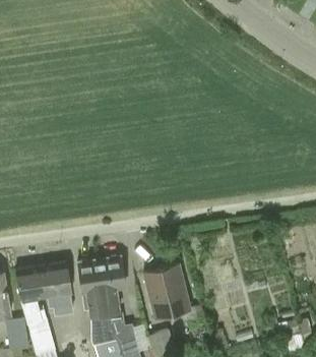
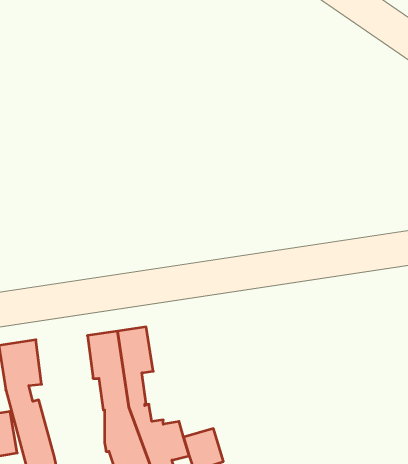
building: [42,263,72,315] -> none
building: [143,265,204,326] -> none

